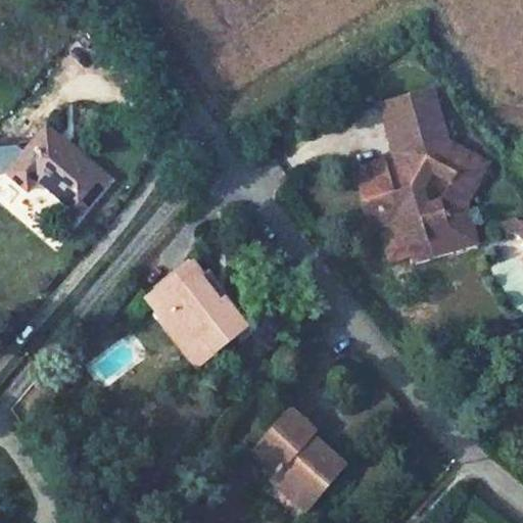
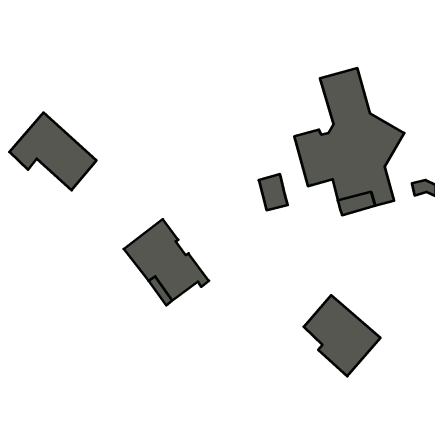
building: [374,215,409,257] -> [259,174,288,210]
building: [258,409,350,506] -> [304,295,380,376]

